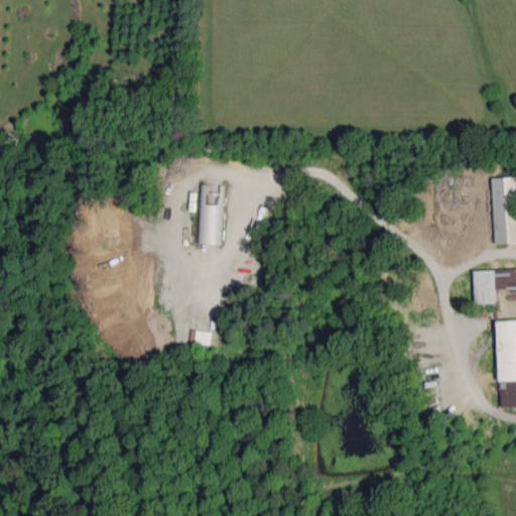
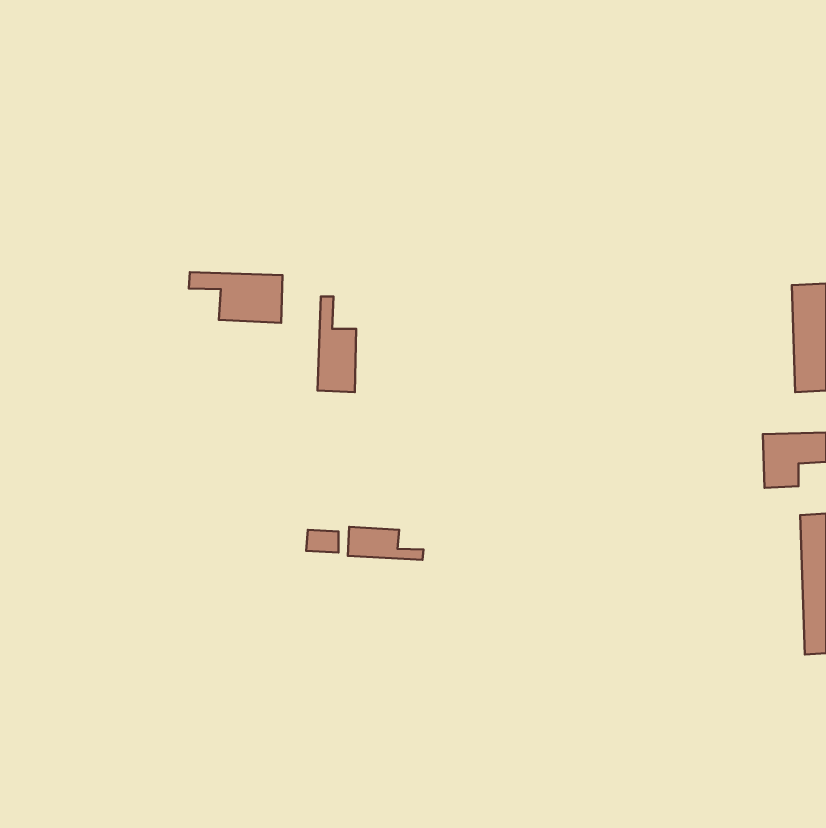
building: none -> [189,272,283,323]
building: none -> [348,527,423,560]

